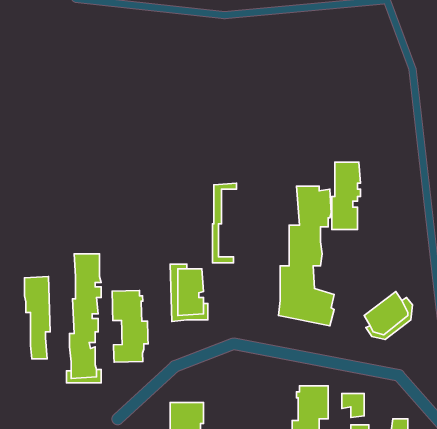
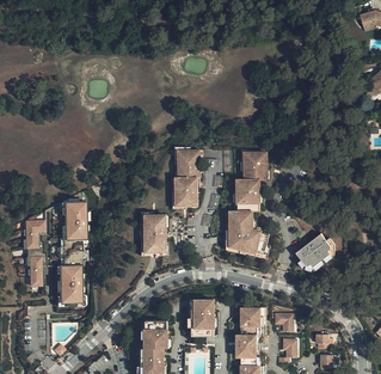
building: [332,162,360,230] -> [178,152,201,206]
building: [112,290,148,362] -> none
building: none -> [188,300,213,336]

